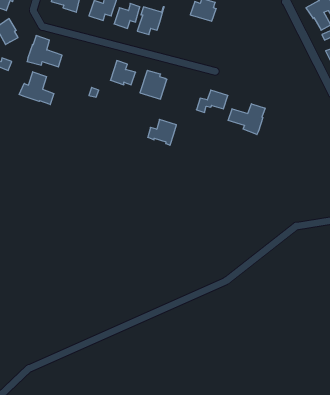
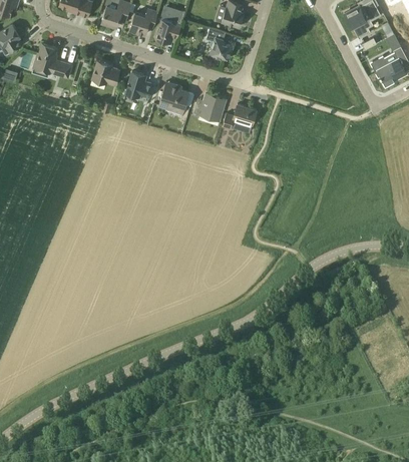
building: none -> [208,26,234,58]
building: none -> [93,59,120,85]
building: [19,72,54,105] -> none
building: [228,104,265,135] -> none
building: [148,119,176,145] -> [193,93,226,122]

